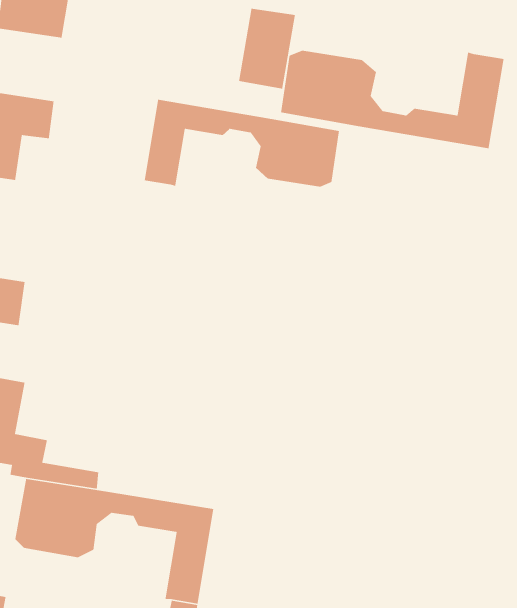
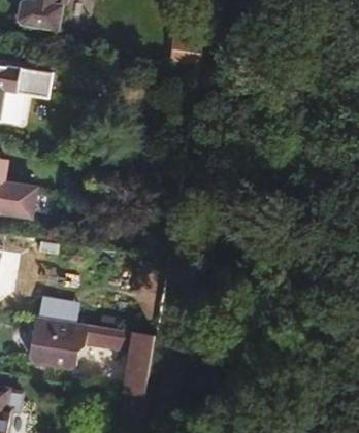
building: [280,50,504,149] -> none
building: [144,99,340,188] -> none

